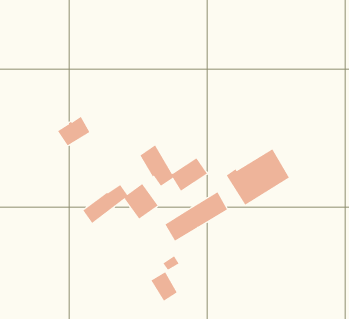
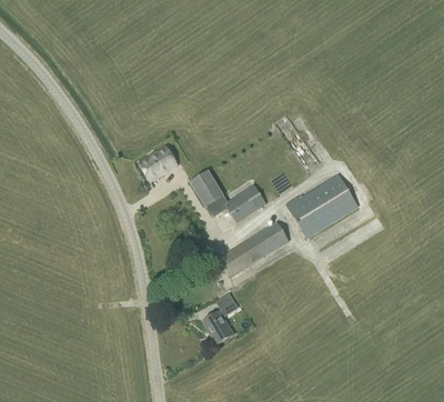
building: [57,116,90,146] -> [140,147,176,180]
building: [83,183,159,224] -> none

